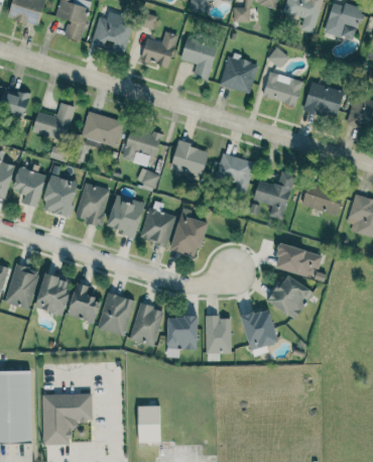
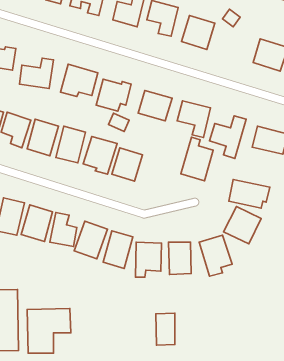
building: [263,72,303,106] -> none
building: [170,207,208,257] -> [181,137,213,181]
building: [138,406,160,443] -> [156,313,175,345]

